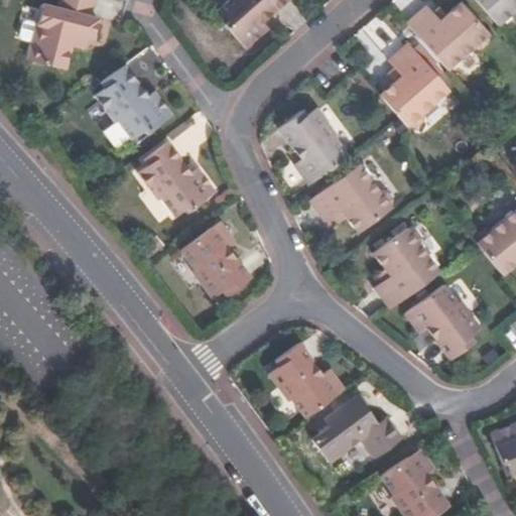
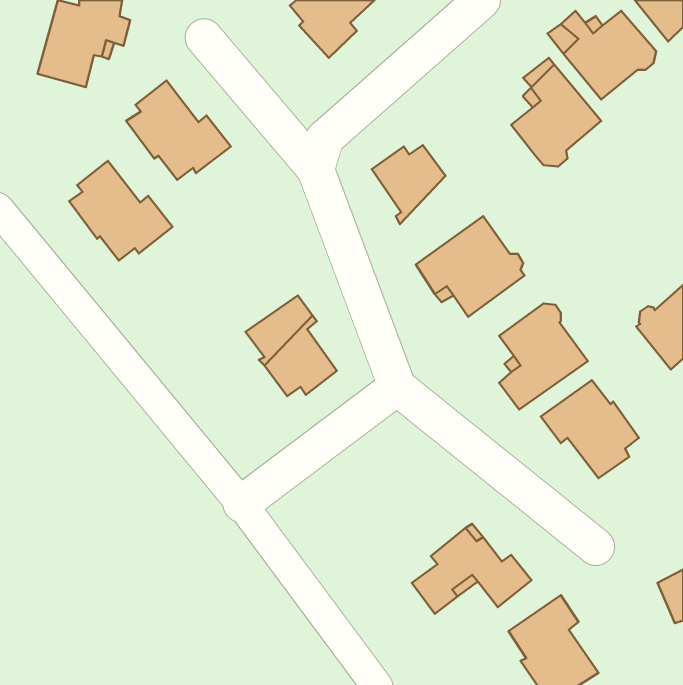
building: [300,133,349,183] -> none
building: [139,138,217,213] -> [69,161,172,260]
building: [266,343,342,417] -> none

